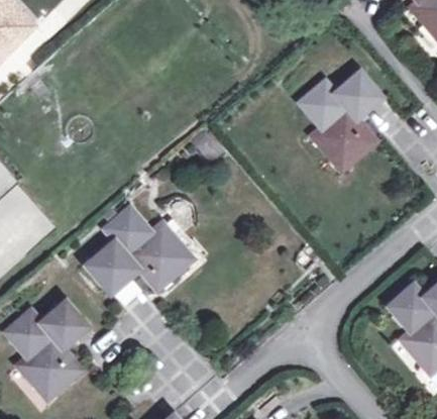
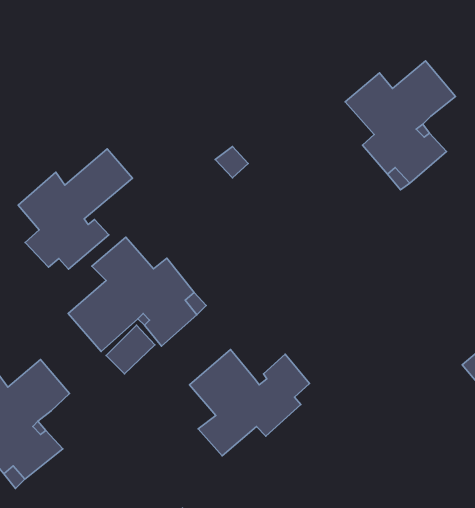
building: none -> [18,149,133,269]
building: none -> [189,349,310,456]

